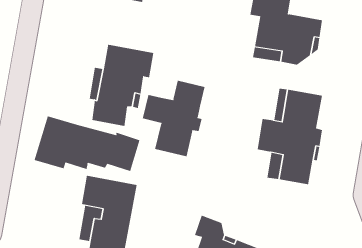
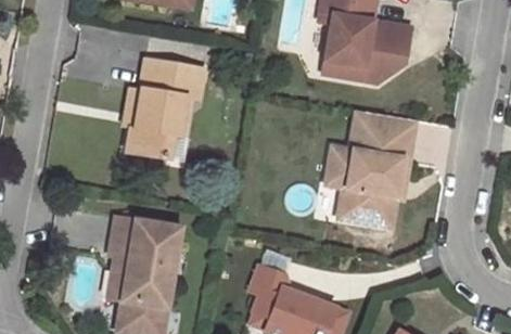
building: [142,80,205,157] -> none
building: [34,115,140,172] -> none

